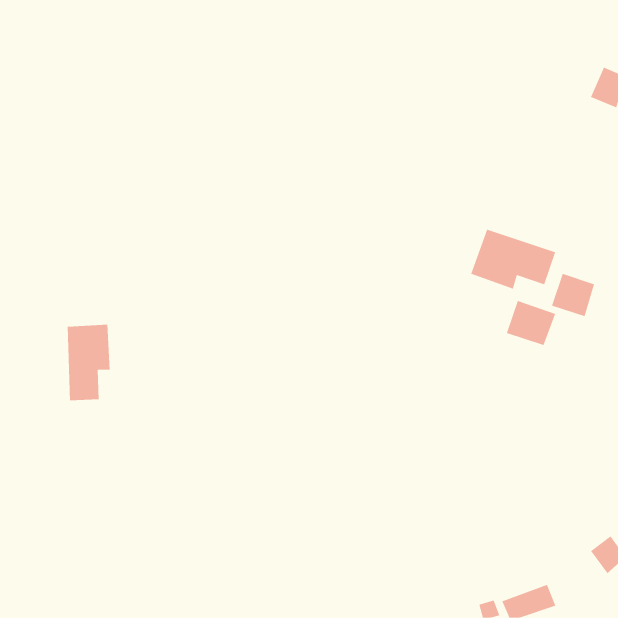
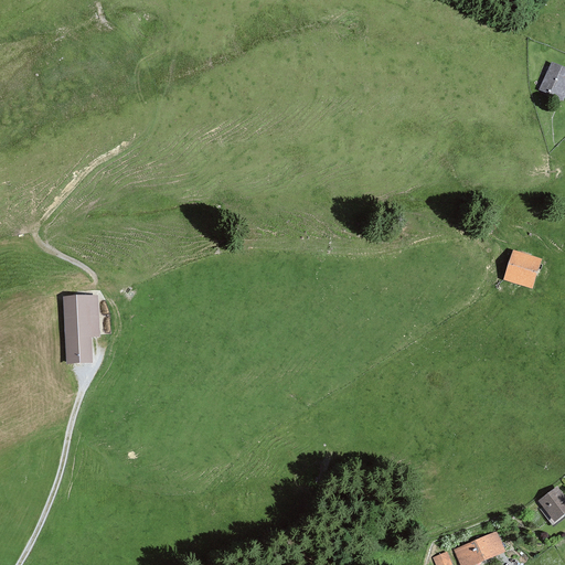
building: [470,229,556,289] -> none
building: [506,300,556,346] -> none

